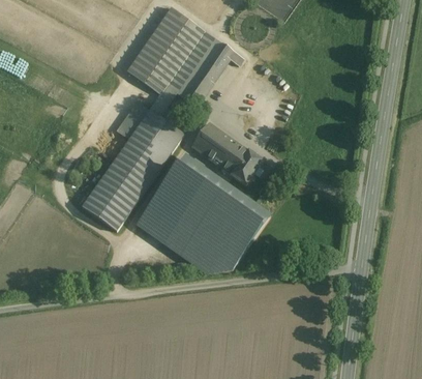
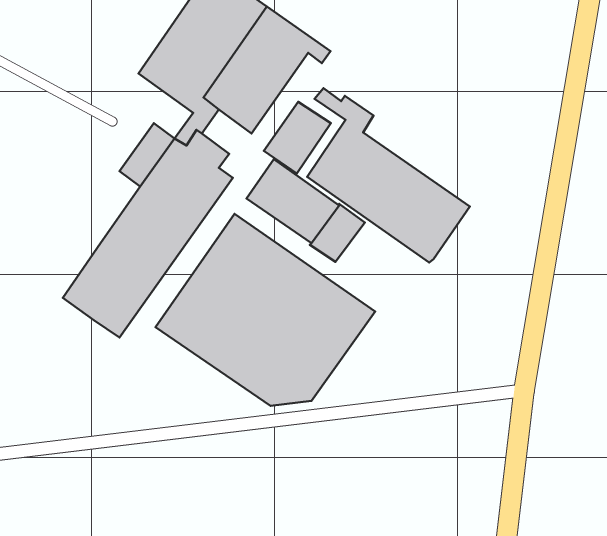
building: none -> [307,88,470,262]
building: none -> [264,102,331,174]

